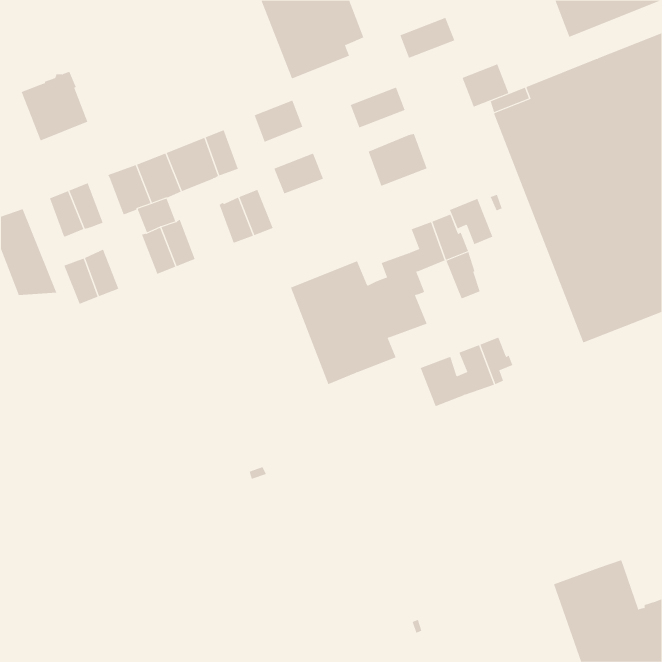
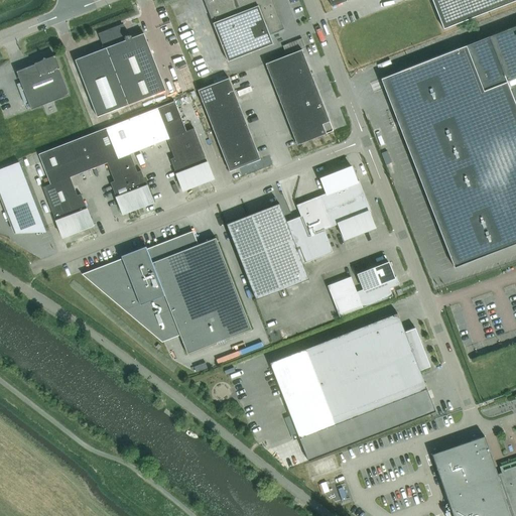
building: [399,17,455,58] -> [265,49,308,82]
building: none -> [75,27,165,117]
building: [462,63,509,107] -> none
building: none -> [279,86,322,118]
building: none -> [206,99,244,131]
building: none -> [166,128,201,158]
building: none -> [69,136,96,173]
building: none -> [221,139,260,171]
building: [449,198,493,245] -> [325,203,359,239]
building: none -> [42,177,77,207]
building: none -> [82,232,251,354]
building: none -> [269,313,435,461]

